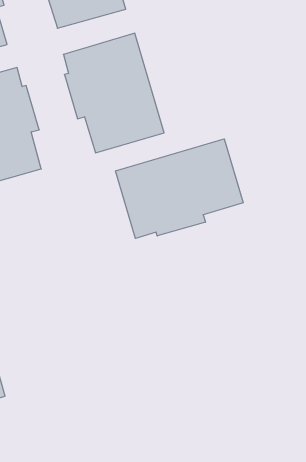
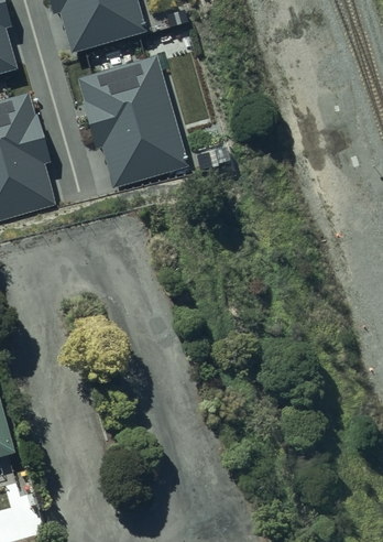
building: [115,139,243,238] -> none

